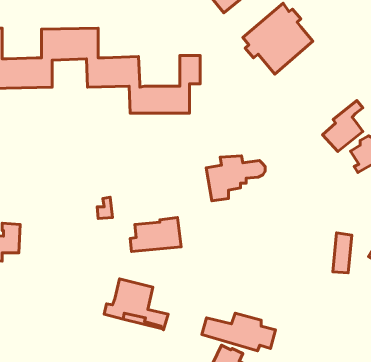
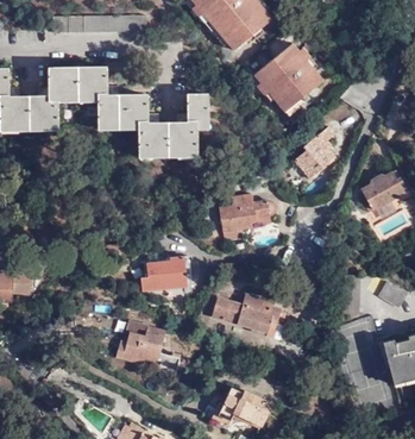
building: [322,101,363,151] -> [295,127,335,178]
building: [202,313,275,351] -> [212,295,285,333]

